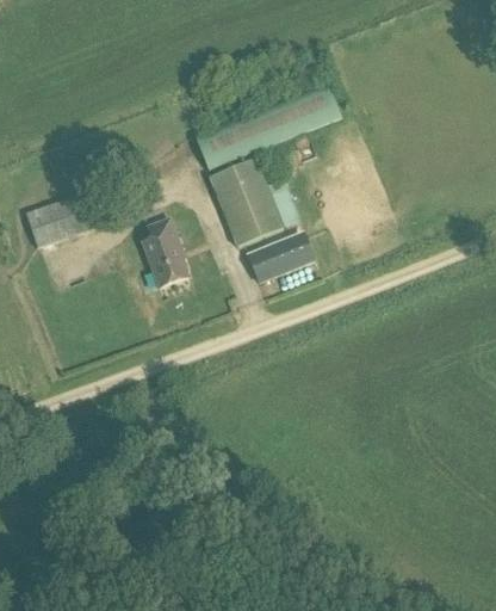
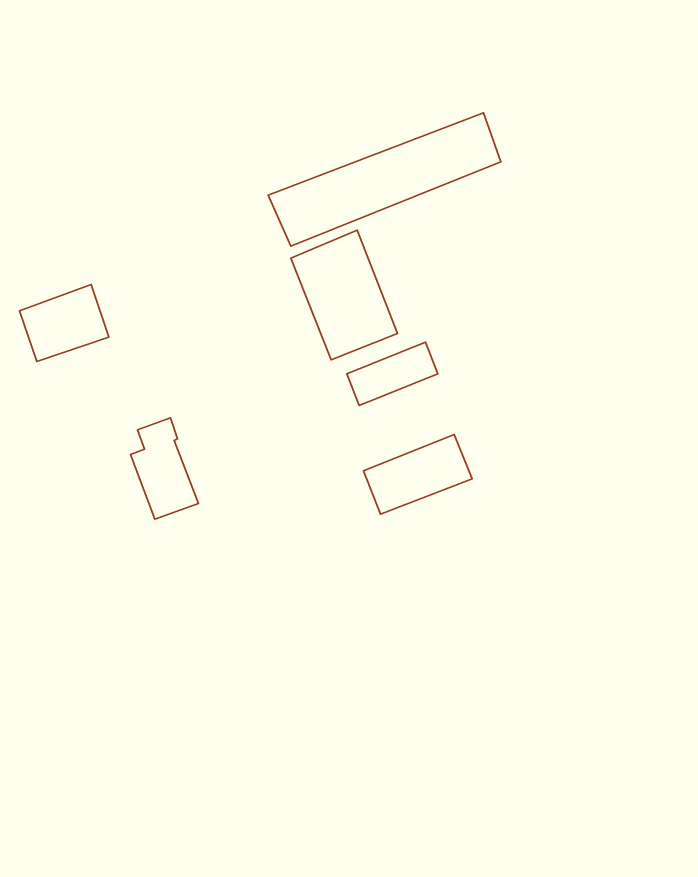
building: [142,217,188,286] -> [130,418,199,519]
building: none -> [364,435,472,514]

